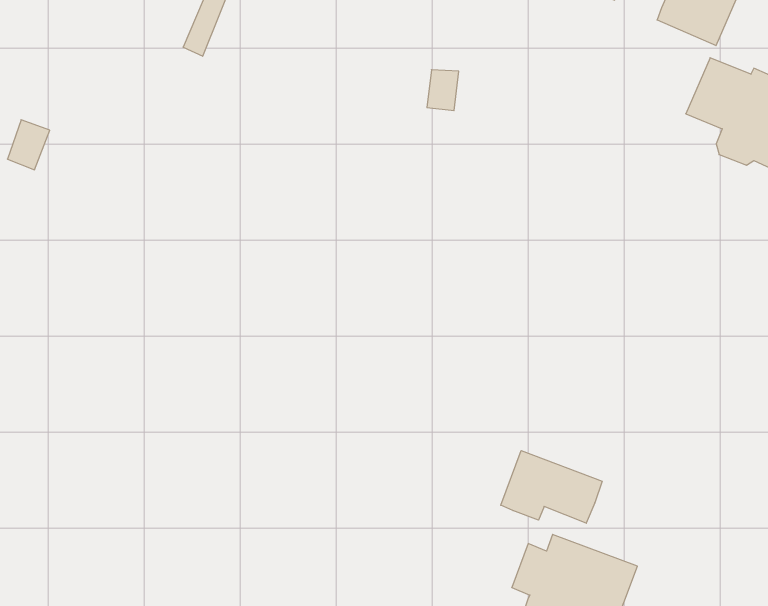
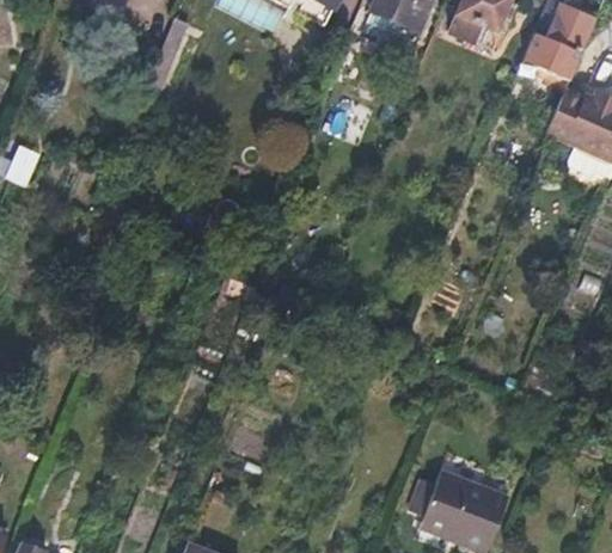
building: [501,451,602,523] -> none

